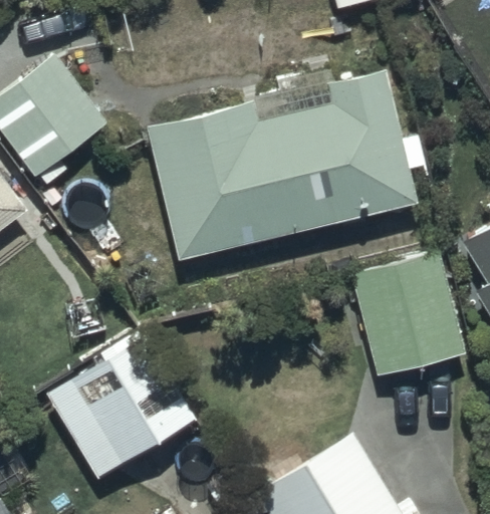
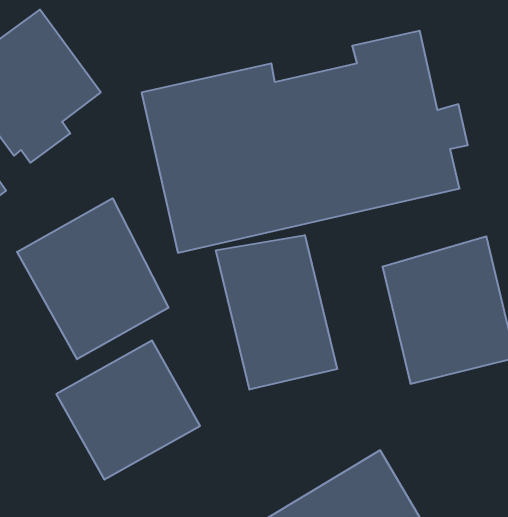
building: none -> [17,198,169,359]
building: none -> [216,235,337,390]

